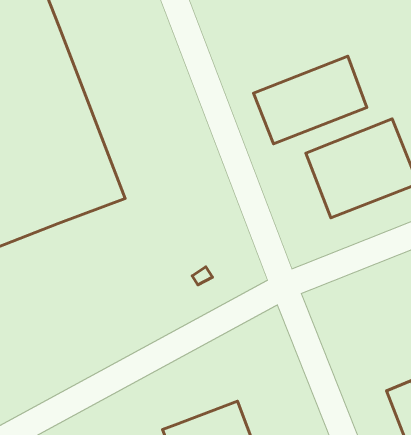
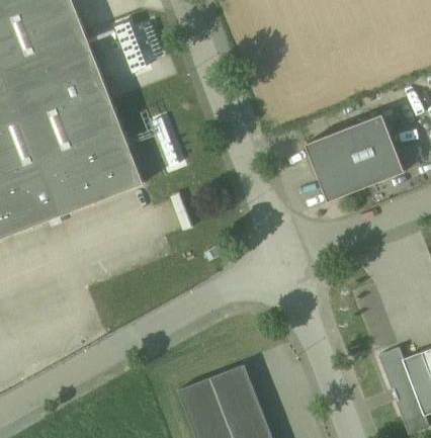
building: [253,56,367,144] -> none

